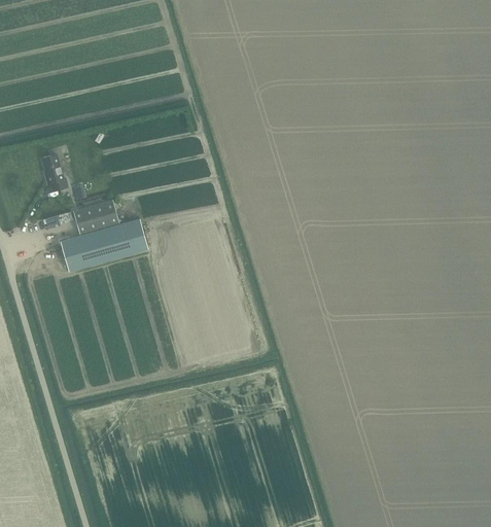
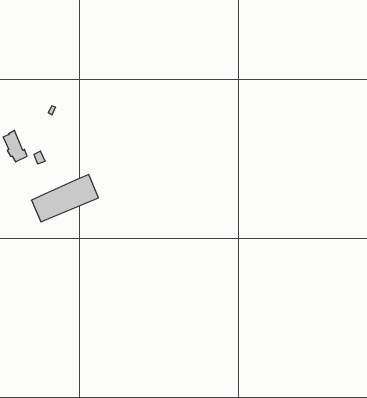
building: [73,202,120,238] -> none

